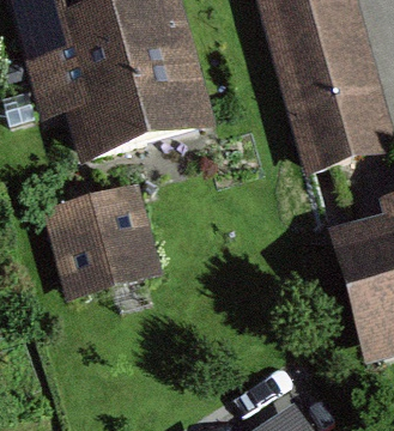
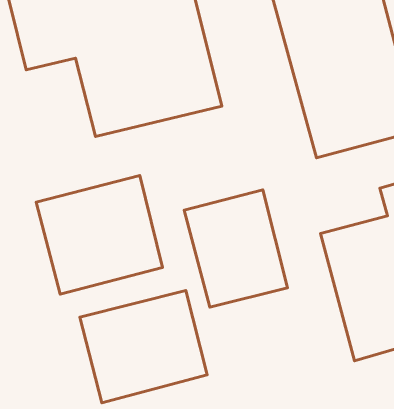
building: none -> [184,190,288,307]
building: none -> [80,290,207,403]

